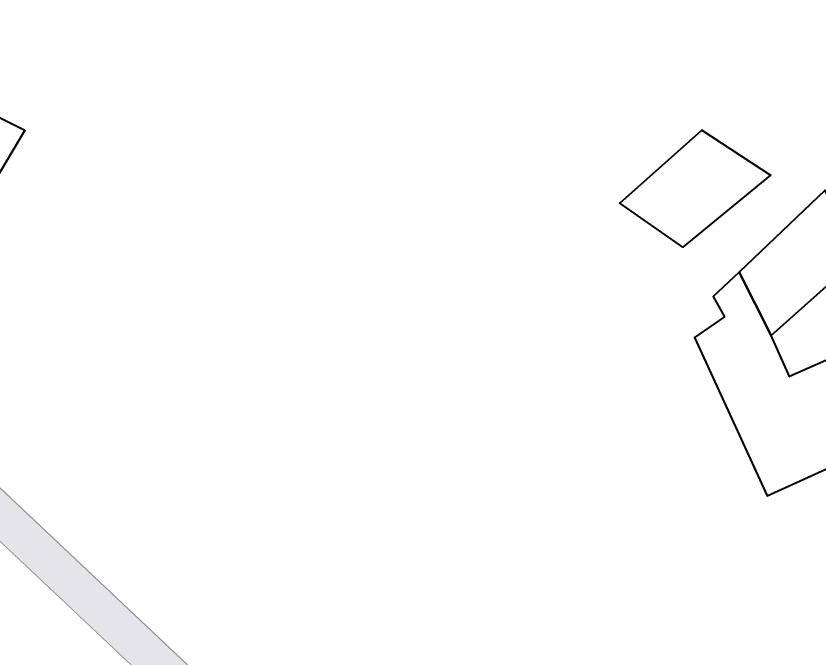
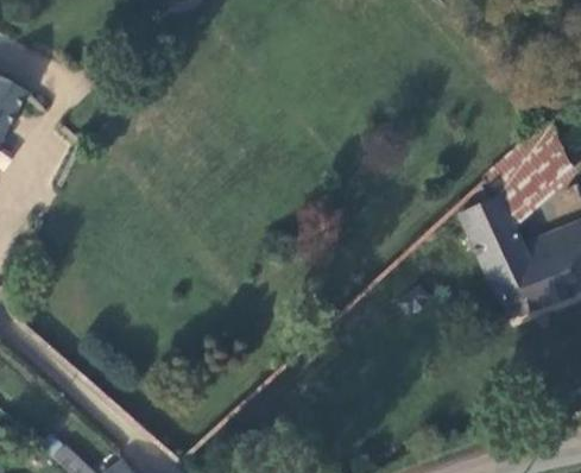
building: [620,130,771,247] -> none

